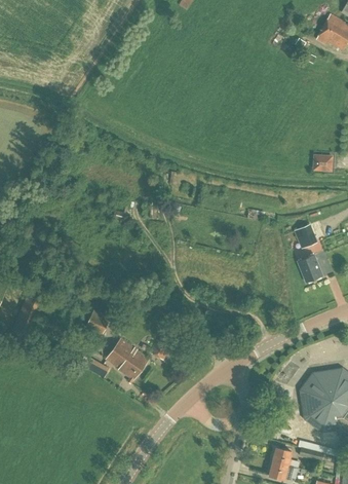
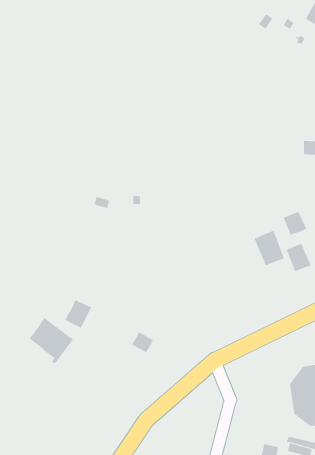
building: none -> [254,230,284,266]
building: [106,337,149,382] -> [29,317,74,364]

